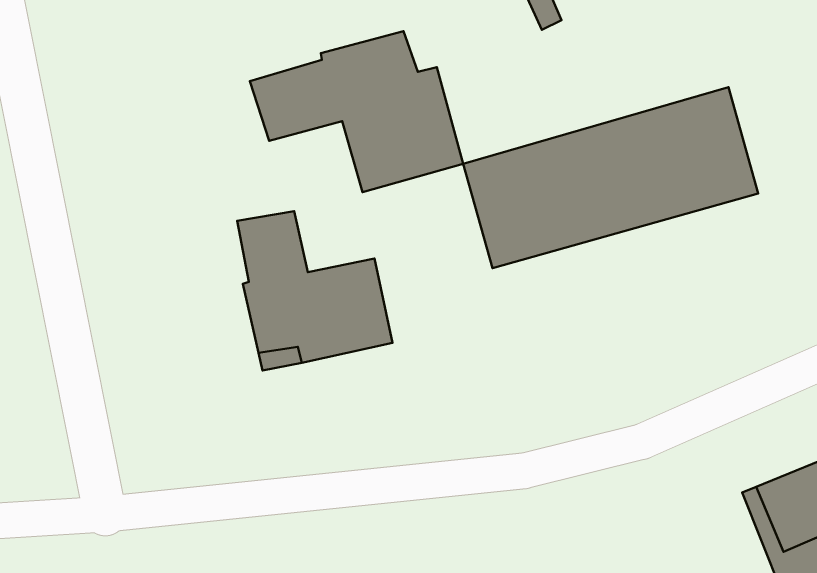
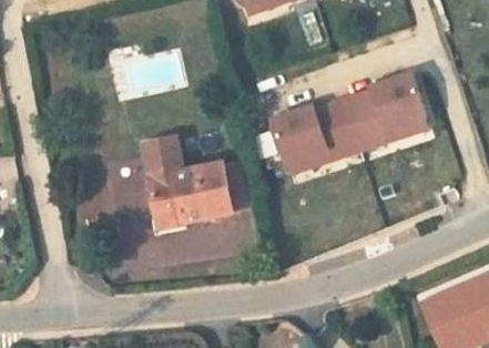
building: [250,31,463,192] -> none

